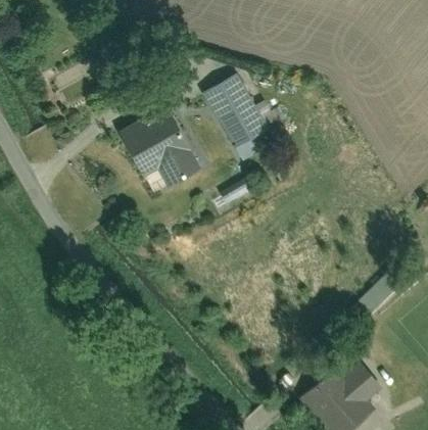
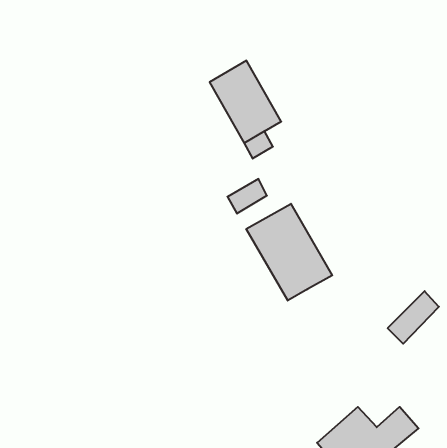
building: [122,109,203,185] -> none
building: none -> [246,204,332,301]

